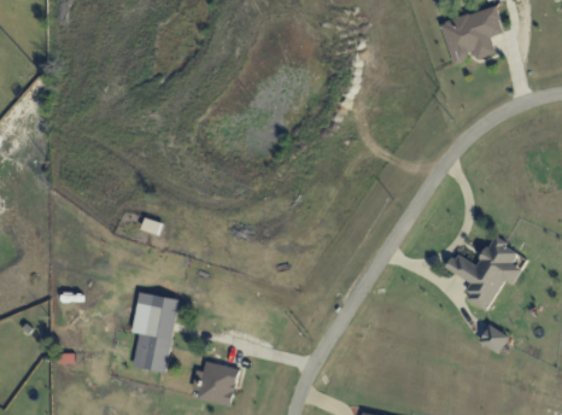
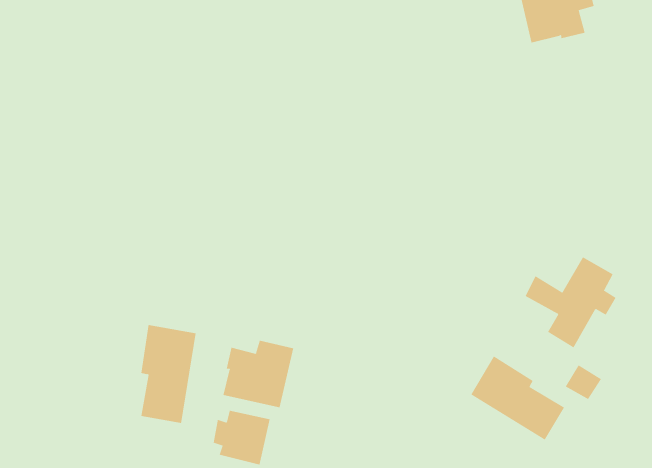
building: none -> [223,340,294,408]
building: none -> [471,355,565,441]

